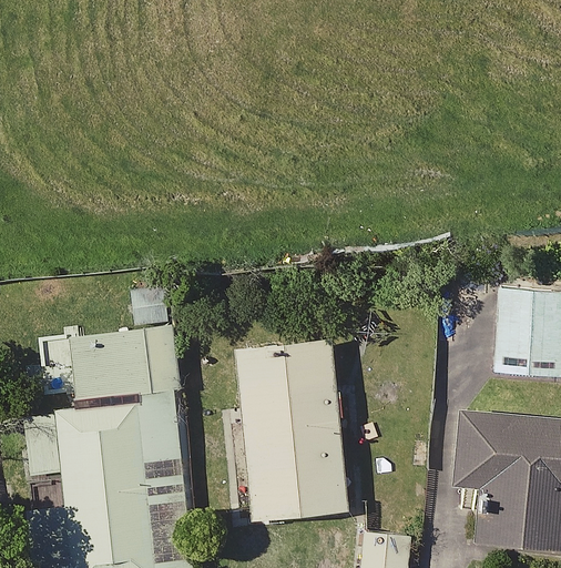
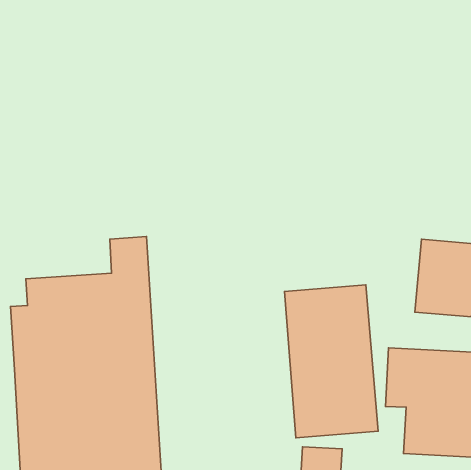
building: [236,341,346,520] -> [285,285,378,438]

